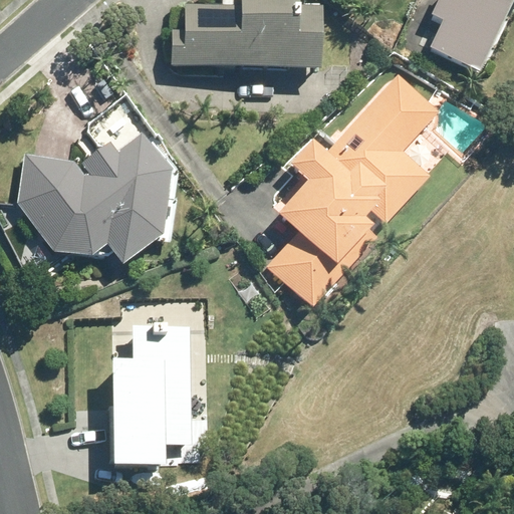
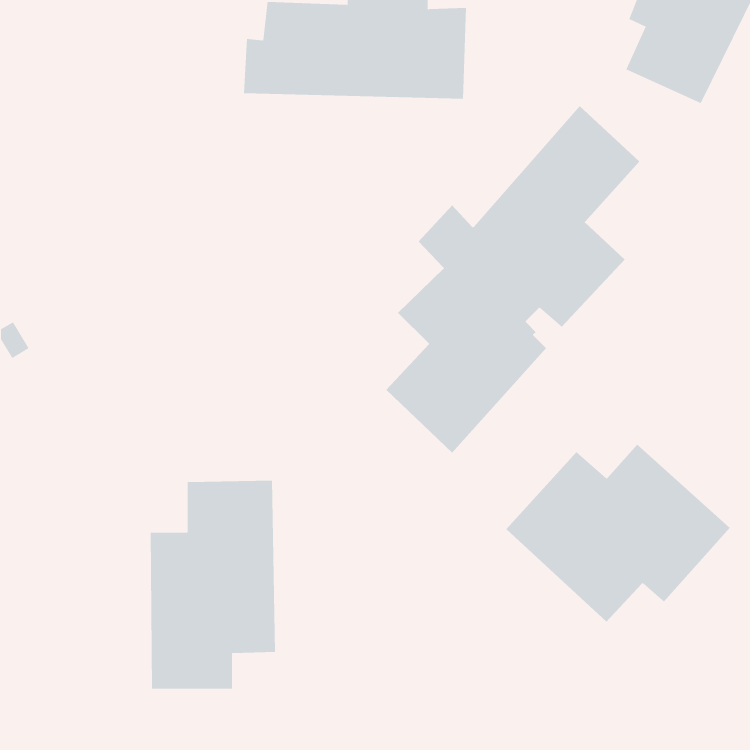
building: [18,132,180,265] -> none
building: none -> [505,444,730,623]

